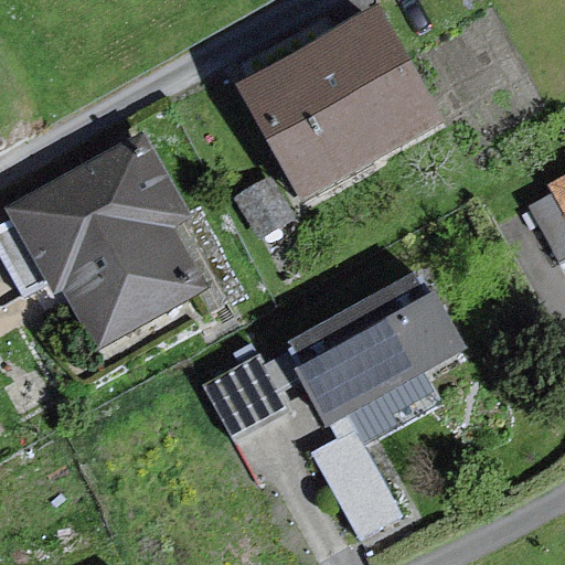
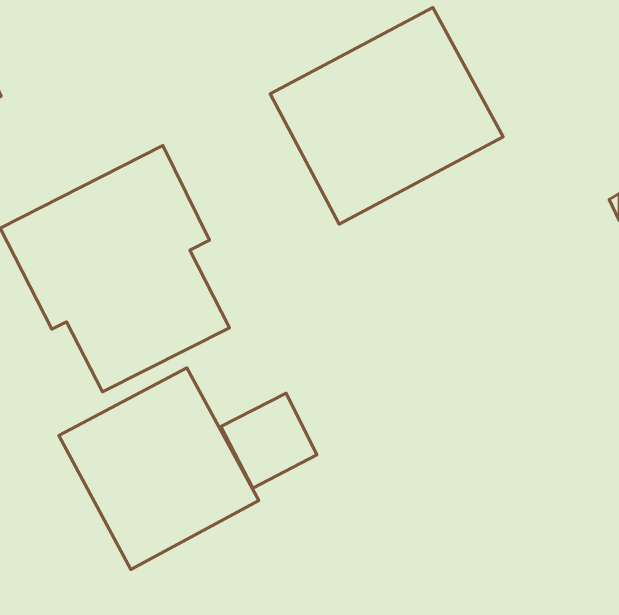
building: [284,269,467,537] -> none
building: none -> [59,368,259,570]

